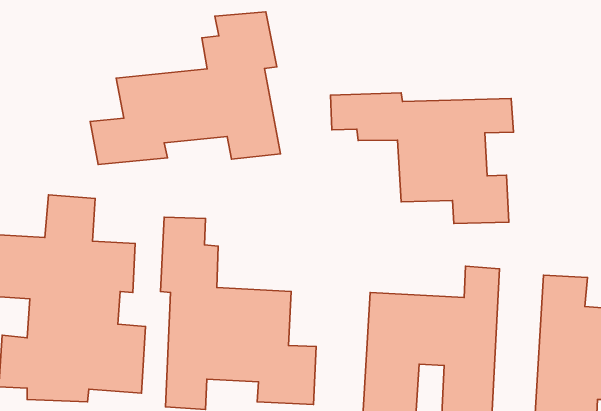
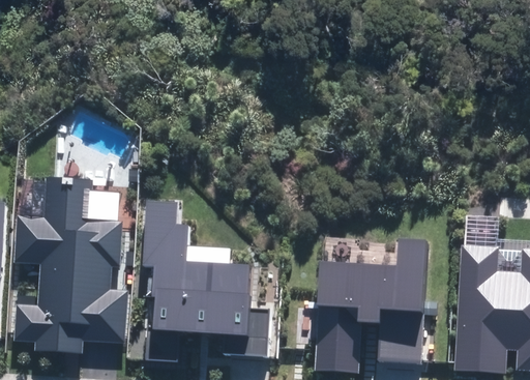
building: [90,12,281,165] -> none
building: [331,93,514,224] -> none

